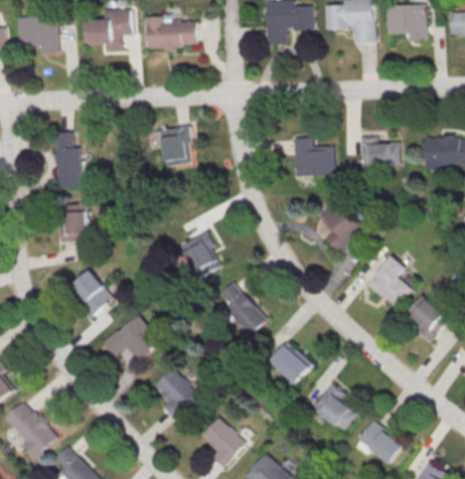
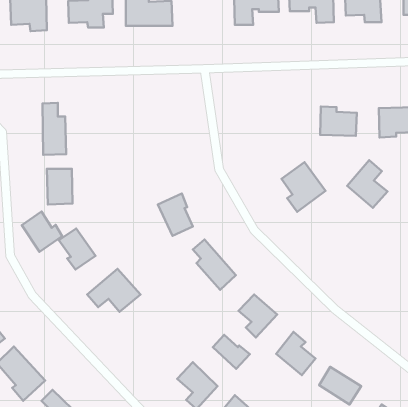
building: [151,126,191,167] -> none
building: [293,138,333,176] -> none
building: none -> [22,212,62,252]
building: [365,256,410,308] -> [347,160,387,208]
building: [407,295,450,341] -> none
building: [156,368,197,422] -> none
building: none -> [213,335,250,369]

